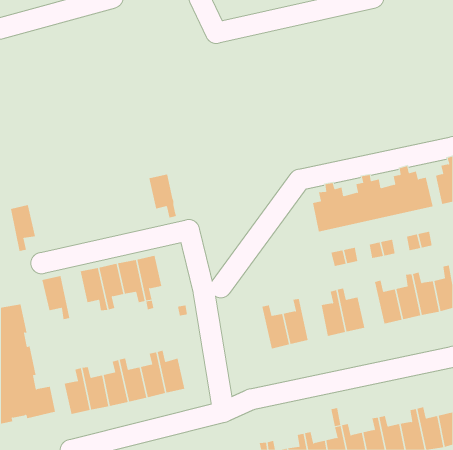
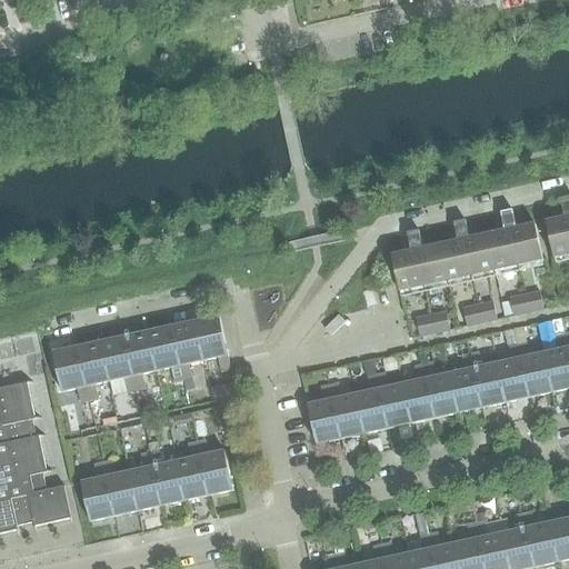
building: [148,174,177,218] -> [194,315,230,370]
building: [10,205,36,251] -> [77,340,109,399]
building: none -> [449,353,481,411]
building: none -> [376,372,410,427]
building: none -> [307,385,340,442]

